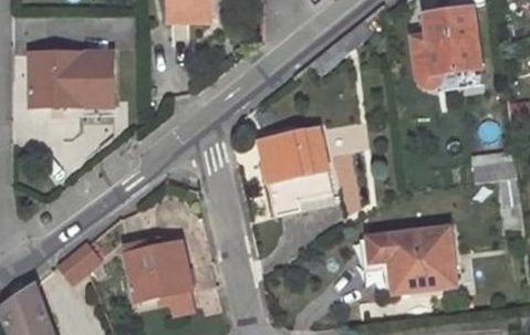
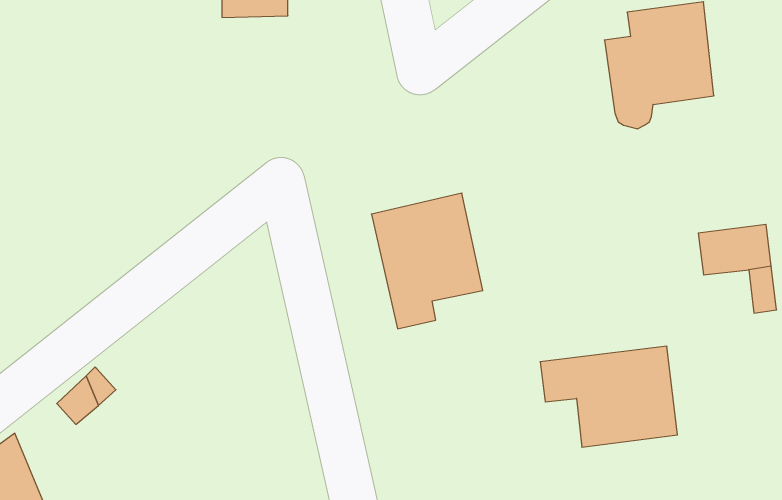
building: [30,54,110,105] -> none
building: [127,244,193,302] -> none

